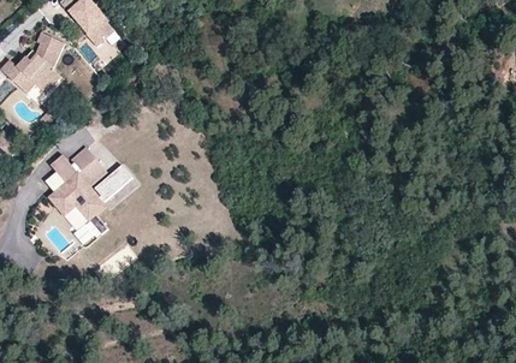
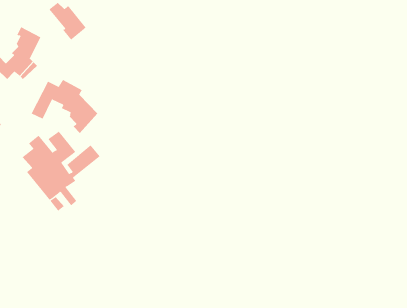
building: none -> [31,79,98,134]

